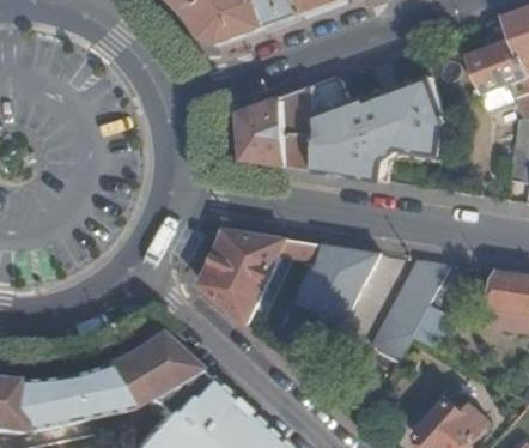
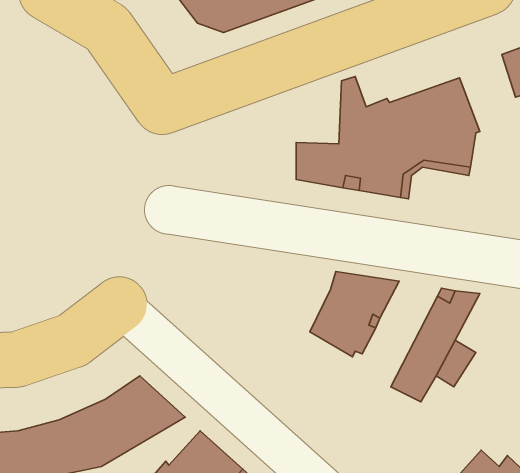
building: [238,79,327,165] -> none
building: [197,231,322,326] -> none

